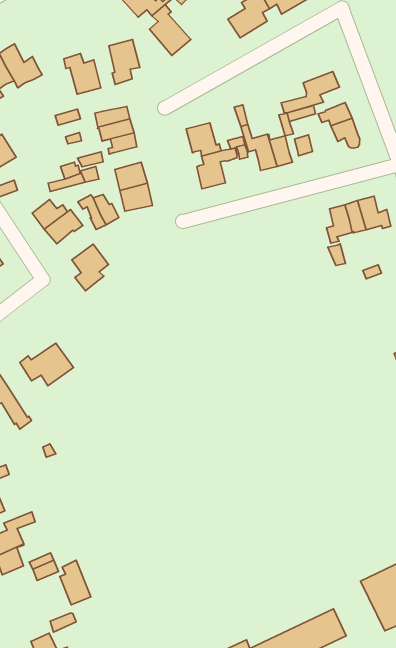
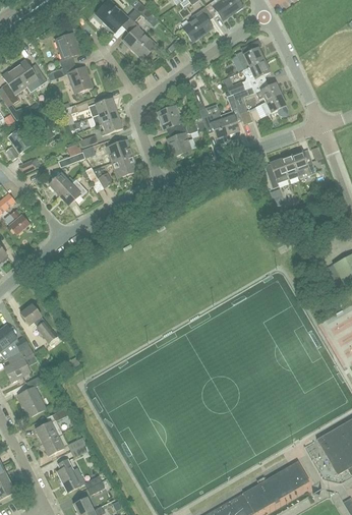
building: [109,39,140,84] -> [55,33,79,67]
building: none -> [235,44,263,70]
building: [72,244,108,291] -> none
building: [20,343,73,386] -> none
building: [60,560,91,605] -> [56,458,80,492]

